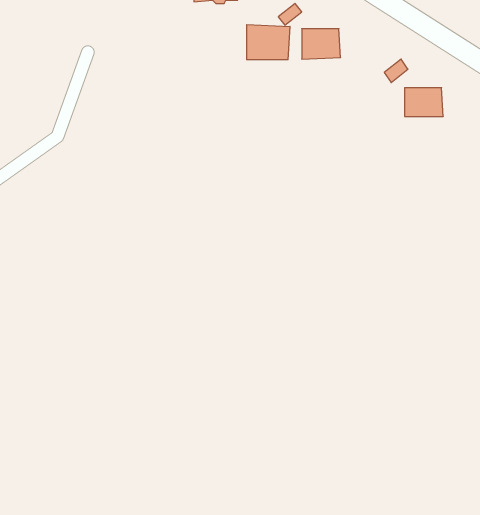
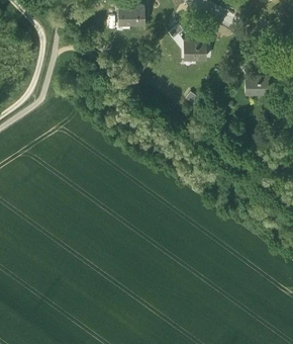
building: [247,25,290,60] -> none

